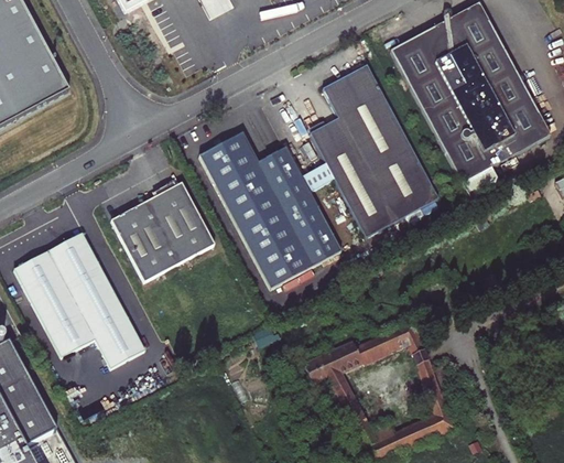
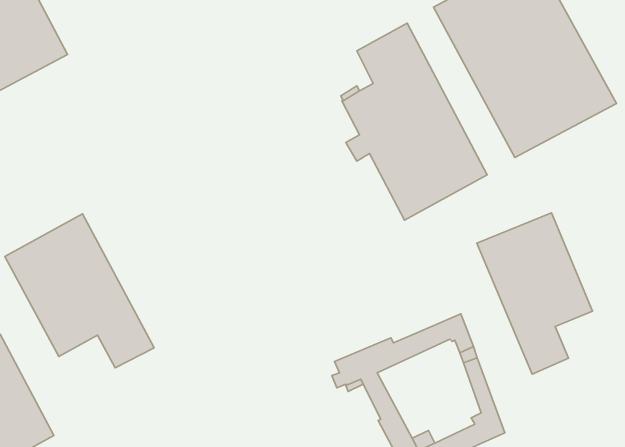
building: [198,131,340,289] -> none
building: [110,182,215,281] -> none
building: none -> [477,213,593,374]

